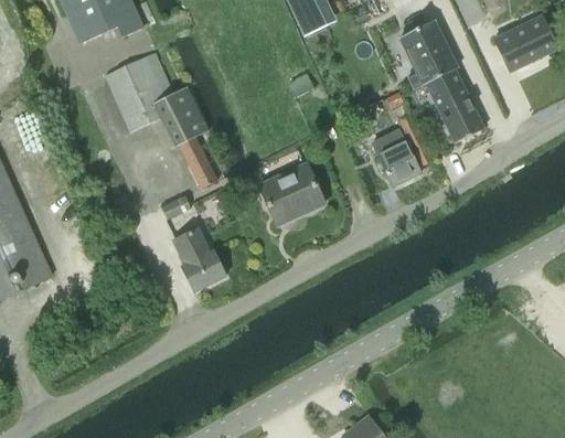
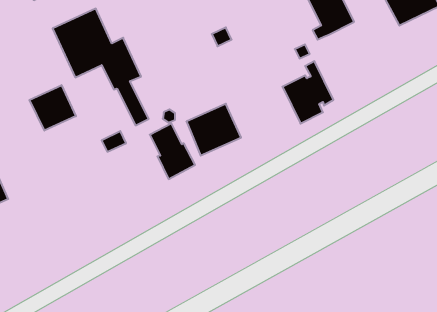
building: [426,68,482,142] -> none
building: none -> [29,85,76,131]
building: [172,226,225,291] -> [150,123,195,179]

